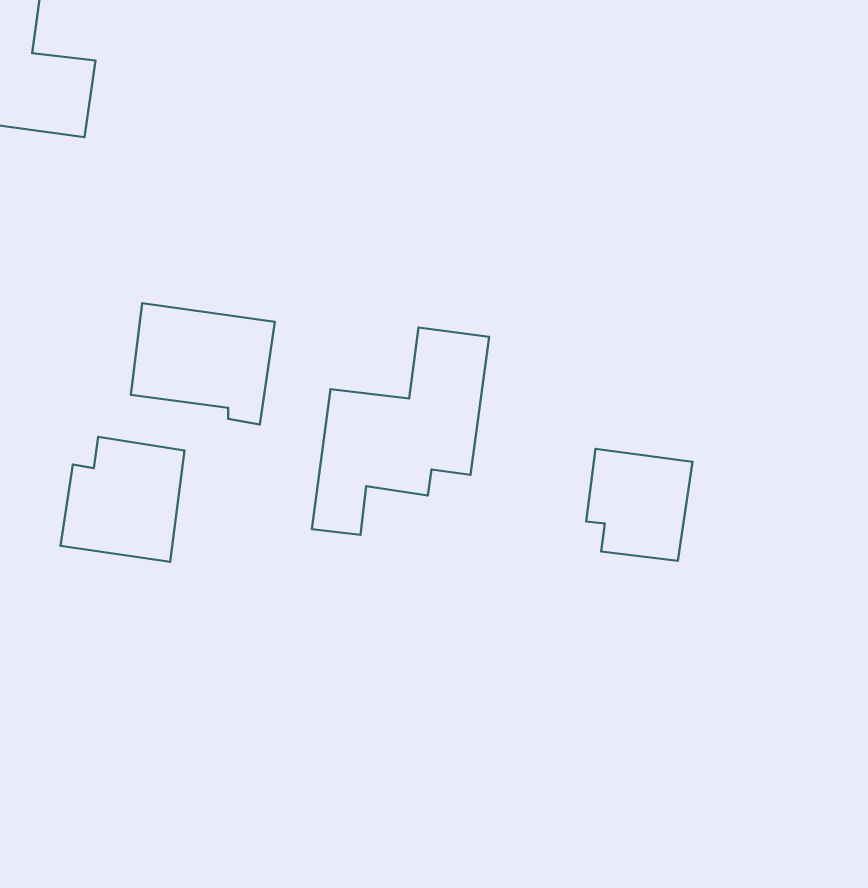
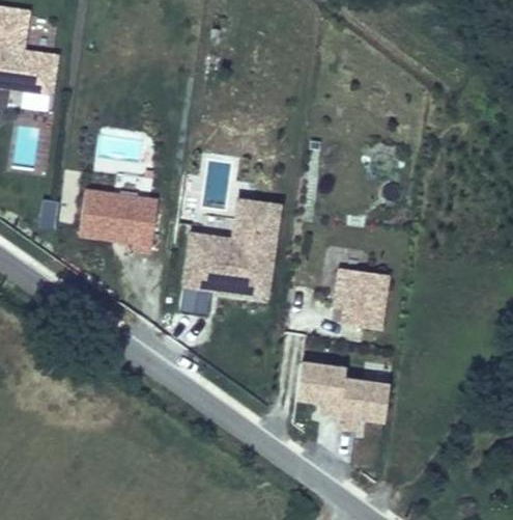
building: [60,437,184,562] -> none
building: none -> [295,359,388,420]

